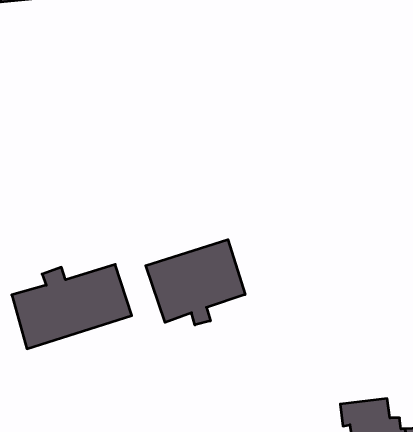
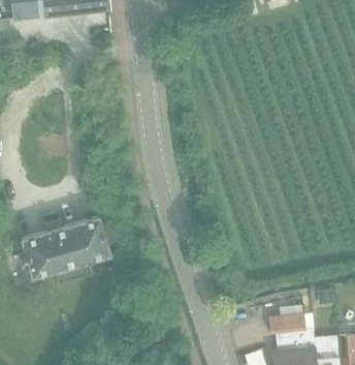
building: [146,240,245,325] -> none

